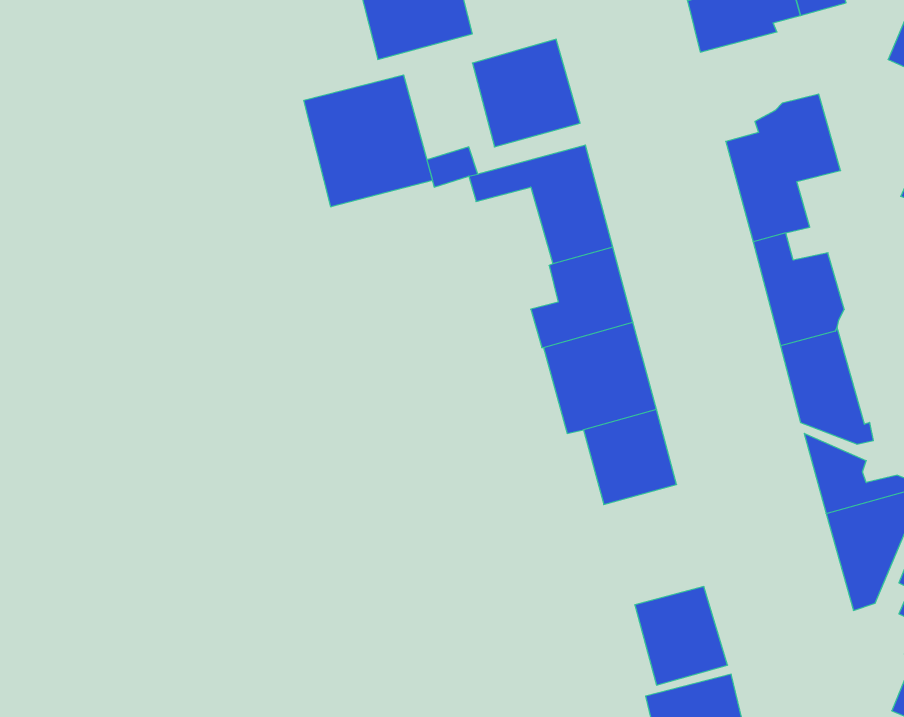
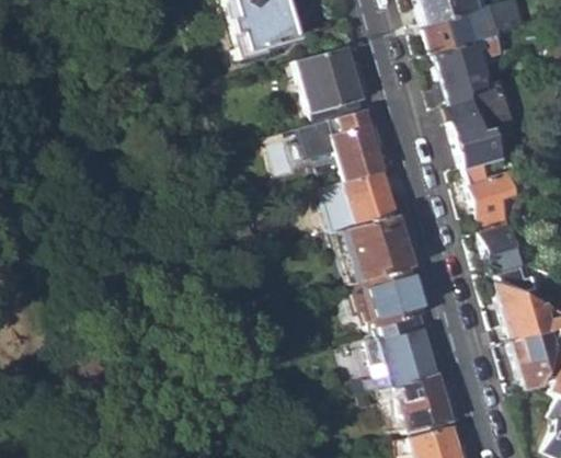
building: none -> [436,43,484,84]
building: [304,75,432,207] -> none
building: none -> [369,314,438,393]

